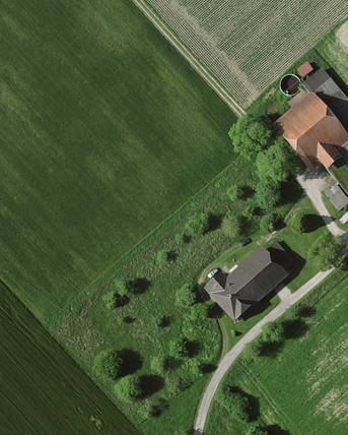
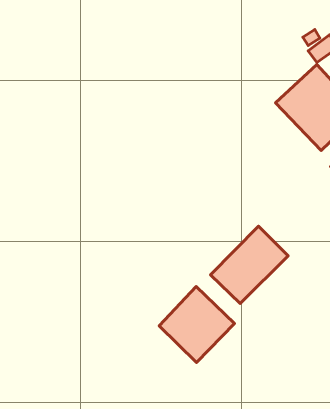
building: none -> [159,287,235,362]

